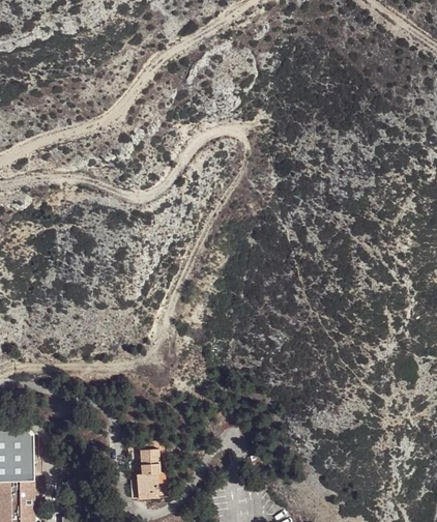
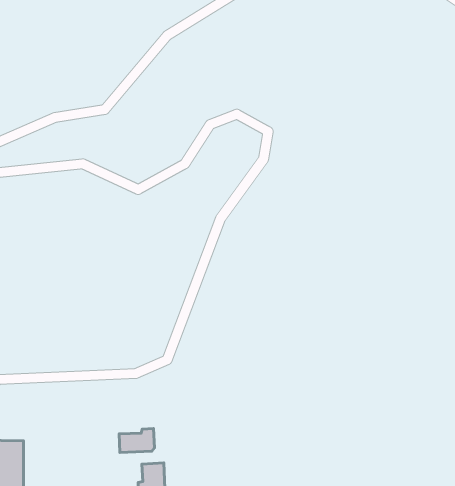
building: none -> [119,428,154,453]

